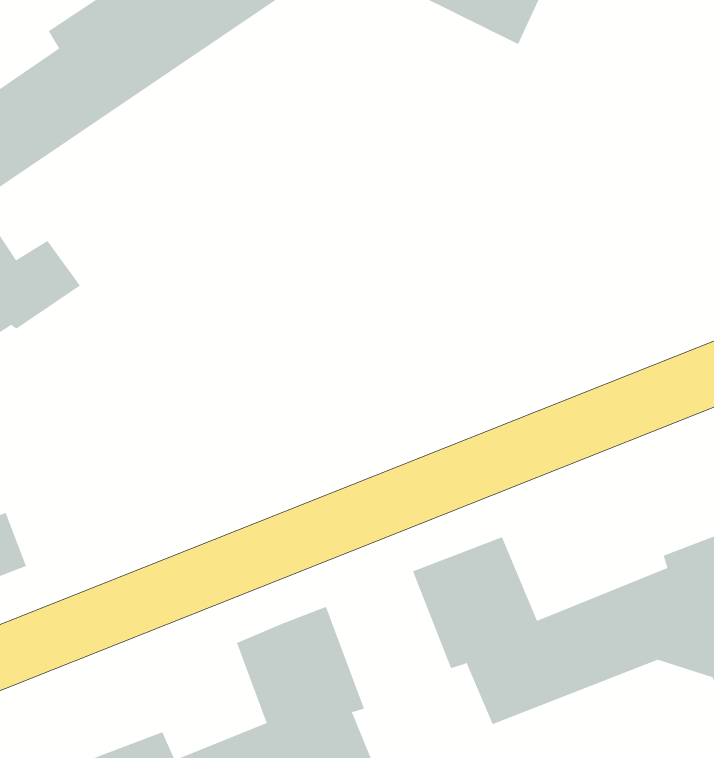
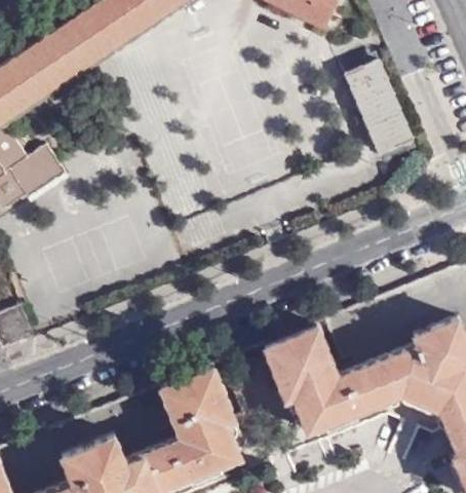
building: none -> [338,60,416,160]

